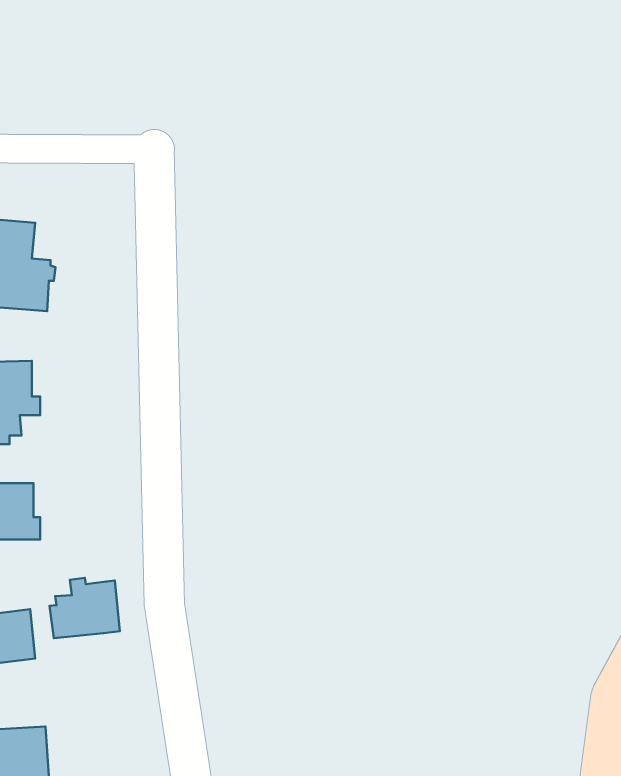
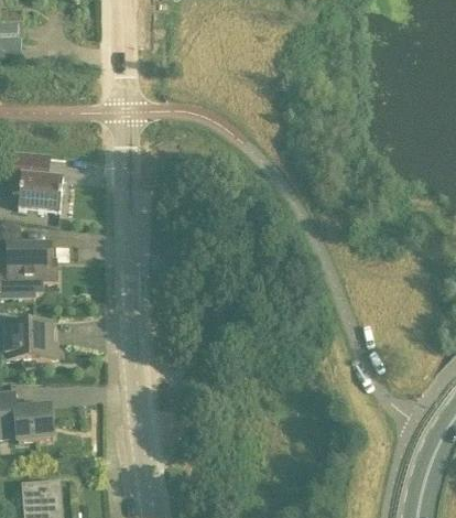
building: [49,578,120,638] -> none

